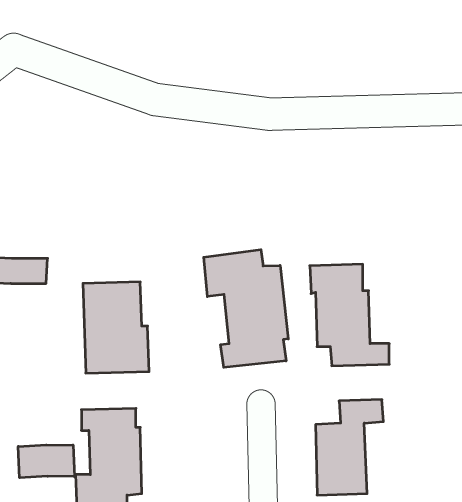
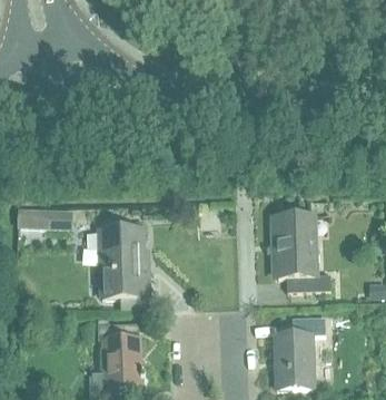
building: [204,250,288,367] -> none
building: [18,445,74,478] -> none

